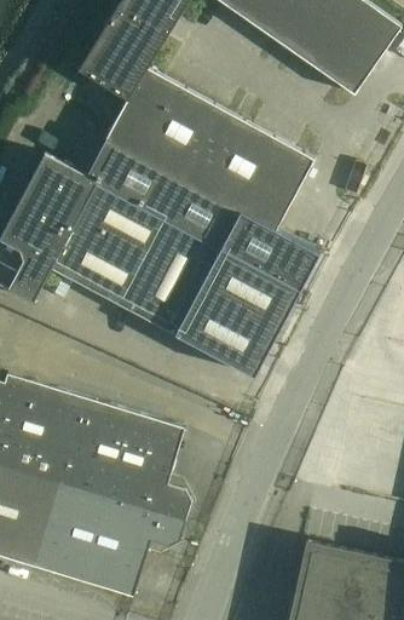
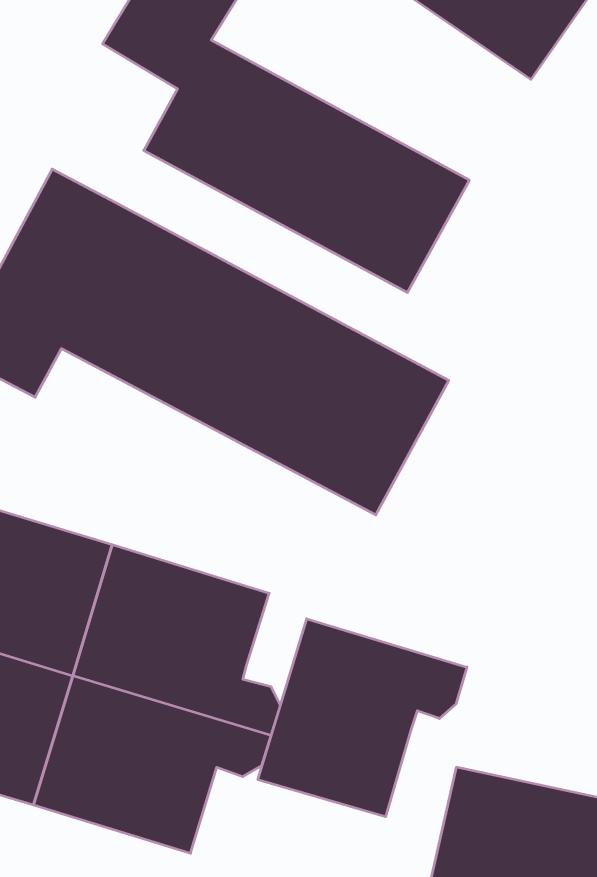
building: [85,140,317,289] -> none
building: none -> [258,619,467,817]

